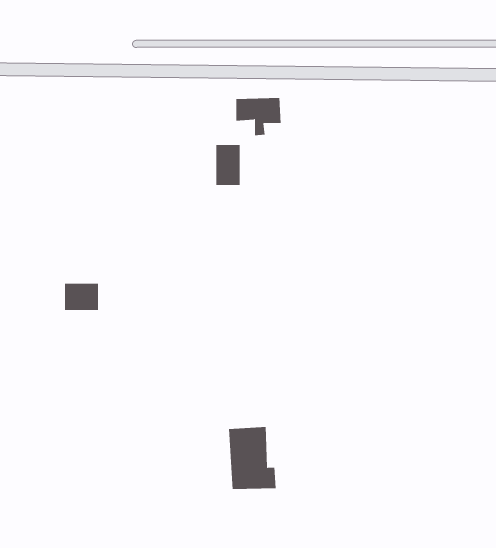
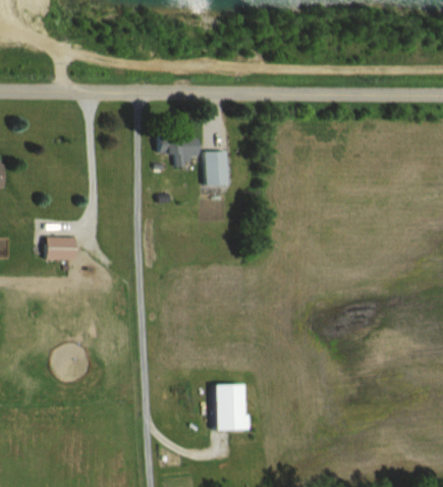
building: [236,97,282,136] -> [161,136,199,167]
building: [64,283,99,311] -> [47,237,75,260]

